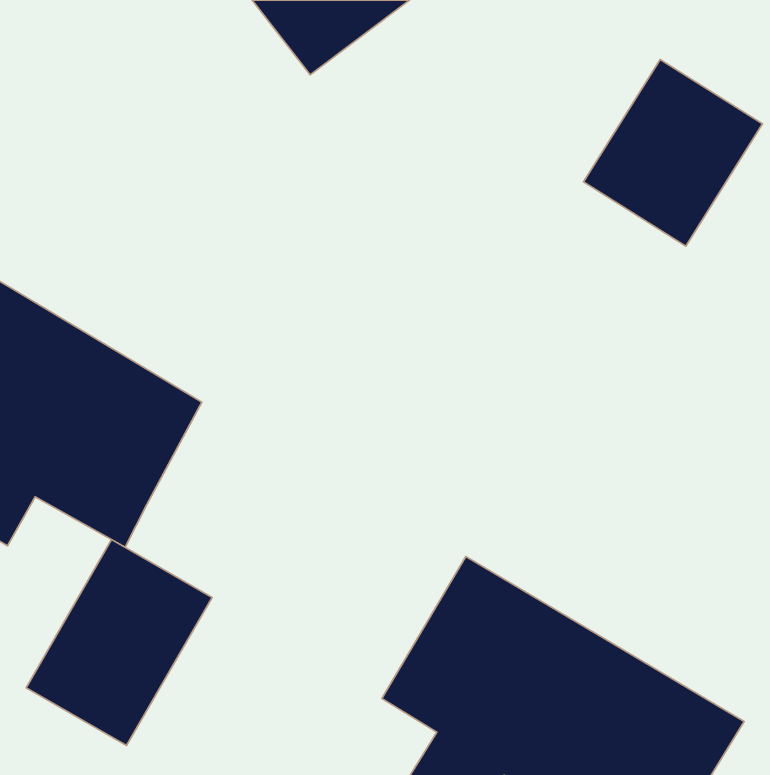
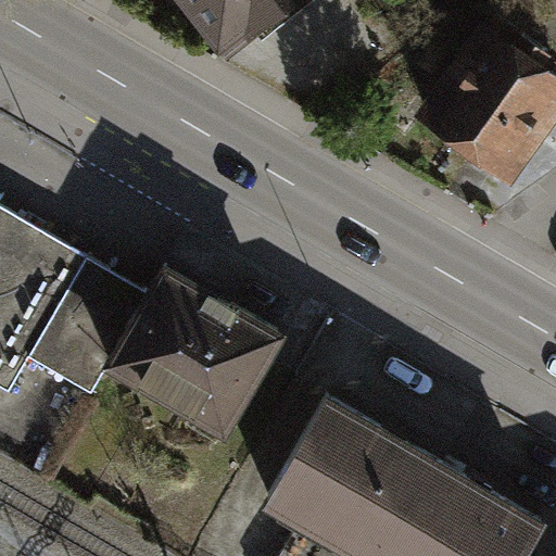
building: none -> [104,255,288,434]
building: [26,540,212,746] -> none

